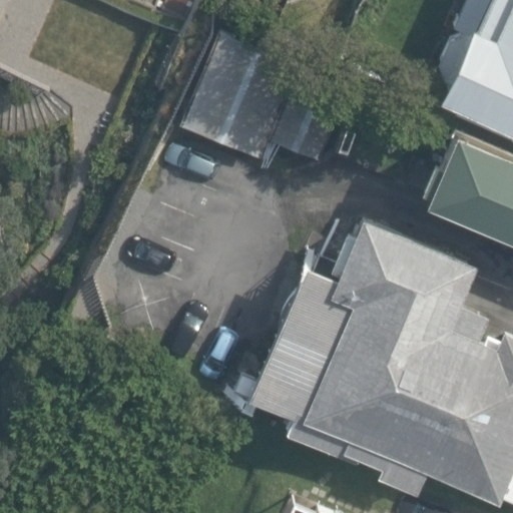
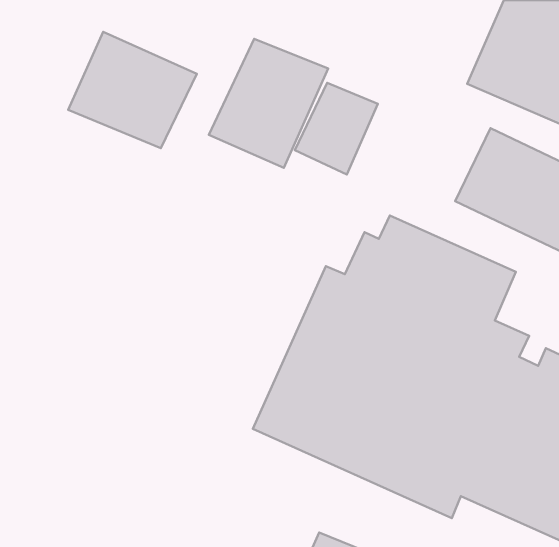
building: none -> [68,32,197,148]

